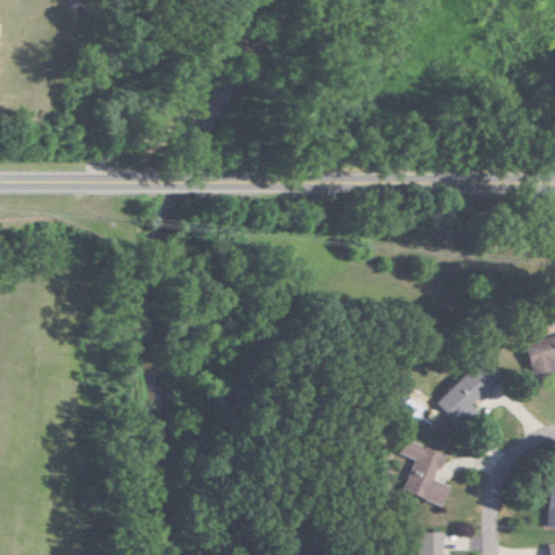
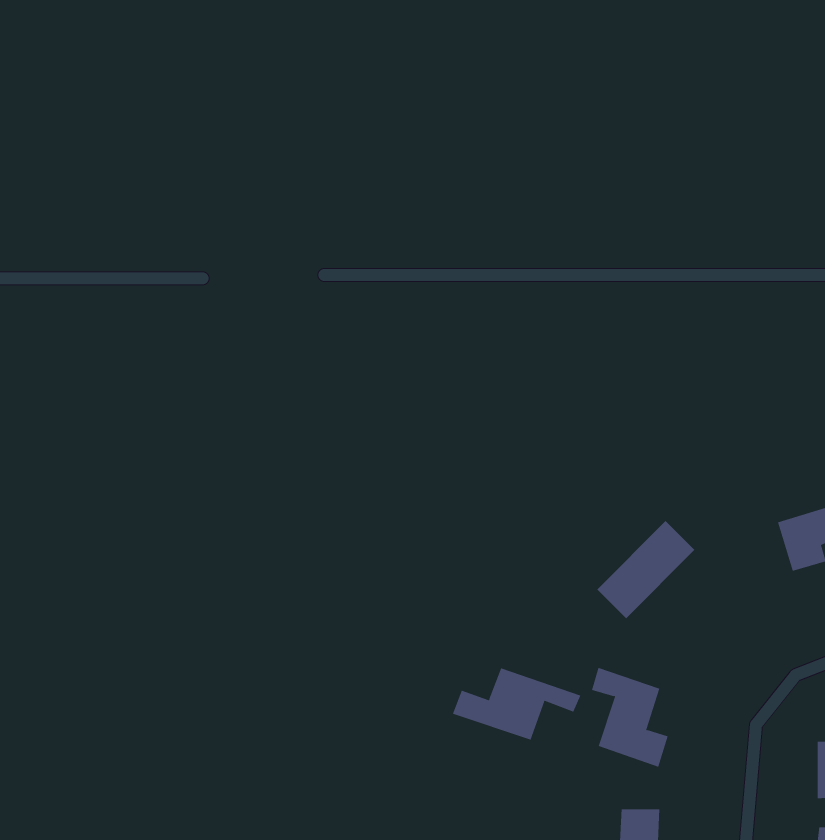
building: [437,359,502,424] -> [596,520,695,619]
building: none -> [452,668,581,741]

